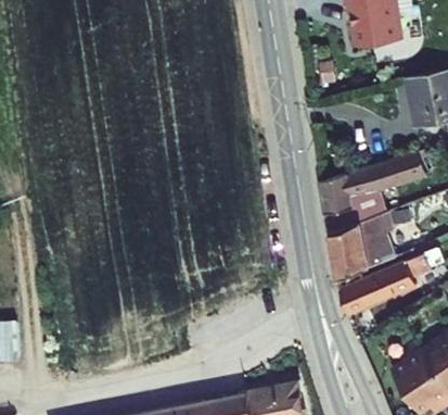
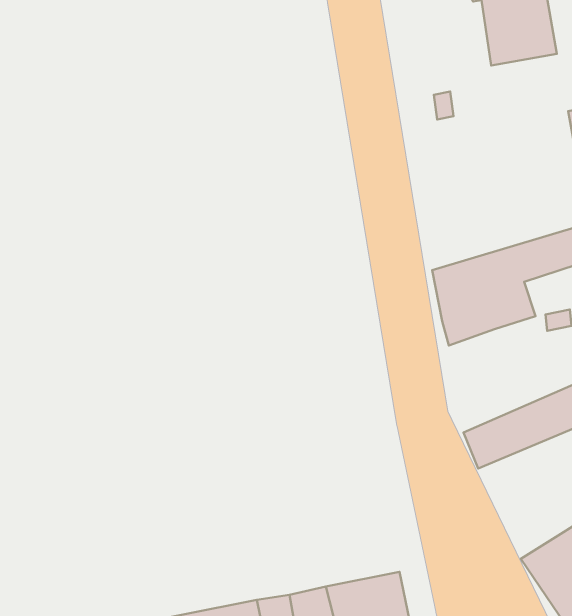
building: [331,211,397,278] -> none

